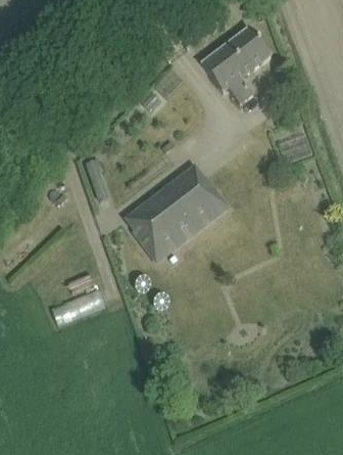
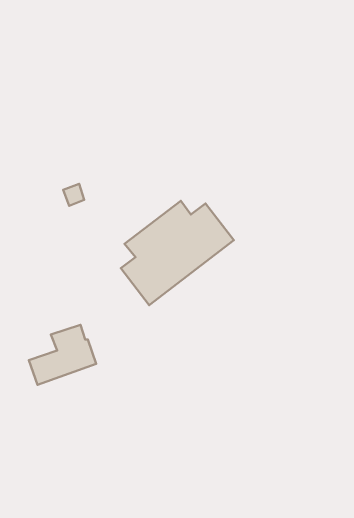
building: [201,27,269,103] -> none

